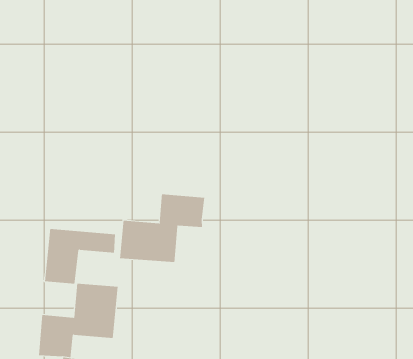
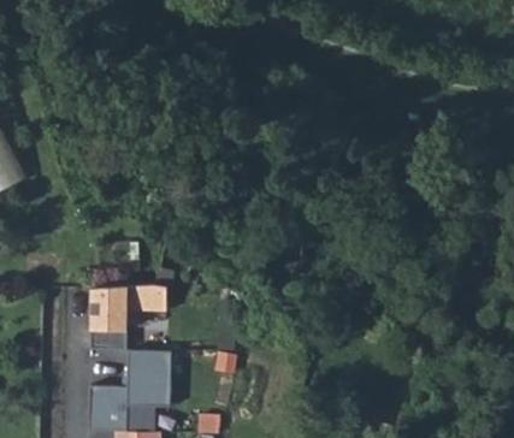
building: [120,193,205,263] -> none

